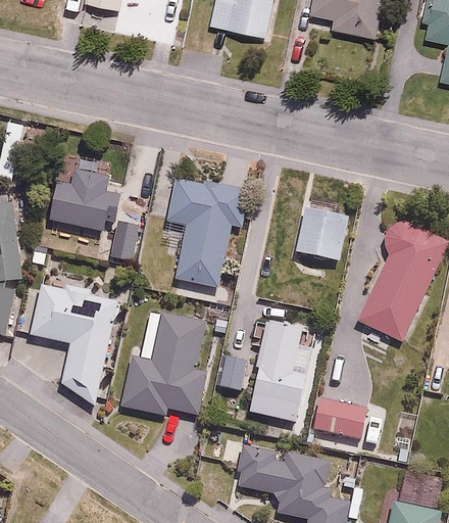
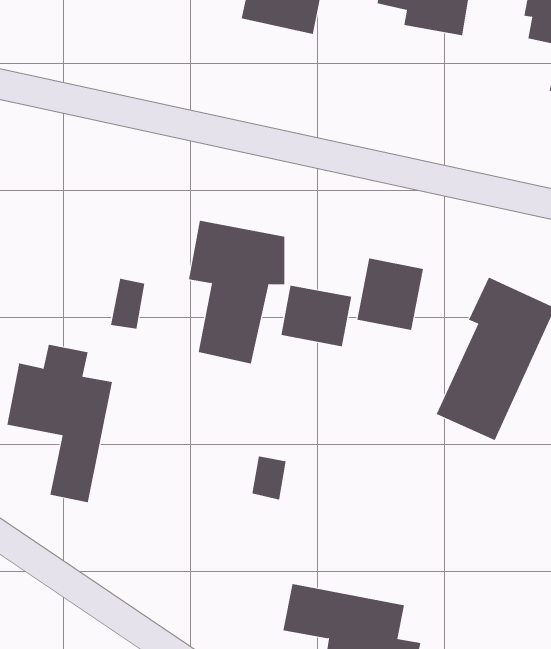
building: [48,171,116,231] -> none
building: none -> [281,285,352,347]
building: [117,310,203,417] -> none
building: [246,322,315,424] -> none
building: [311,395,367,439] -> none

